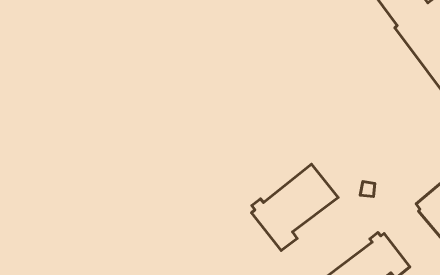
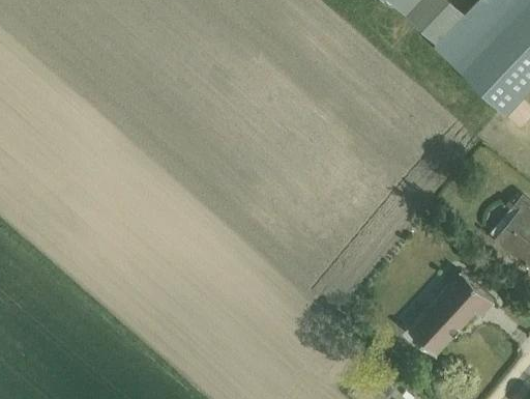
building: [251,164,338,251] -> none

